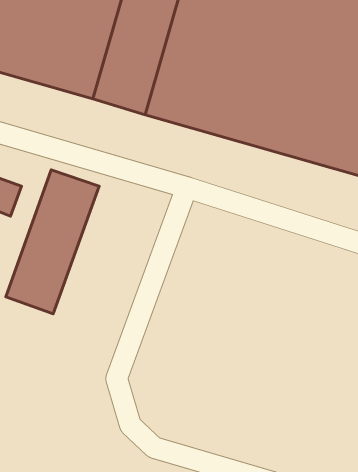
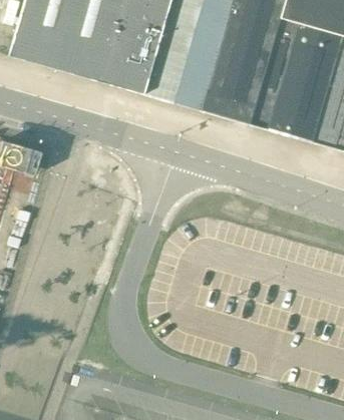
building: [6,170,99,314] -> none

